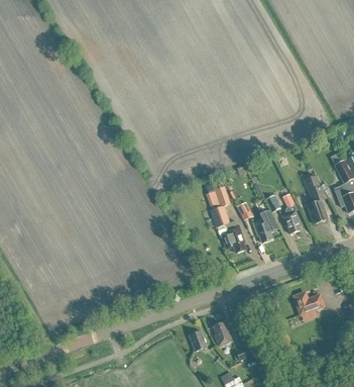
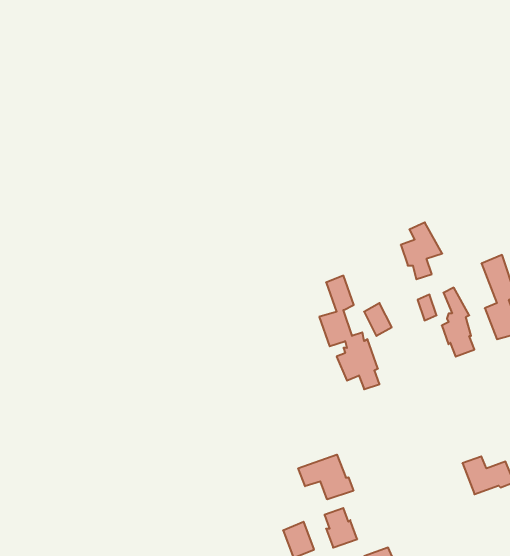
building: [253,210,277,244] -> [401,222,442,279]
building: none -> [298,455,353,499]

